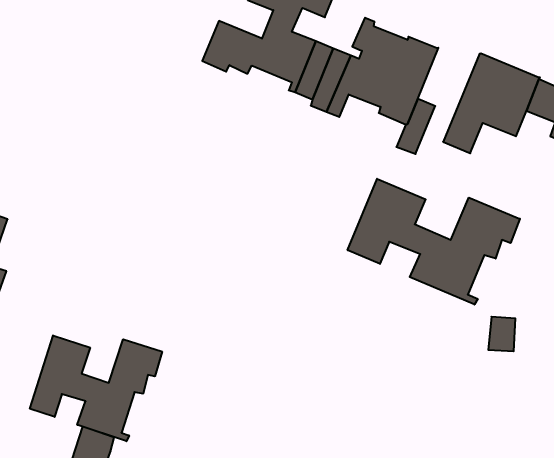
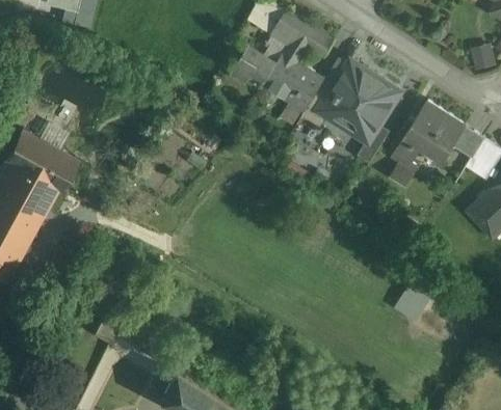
building: [348,179,520,305] -> none
building: [30,335,162,441] -> none

